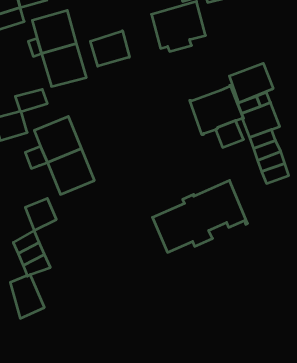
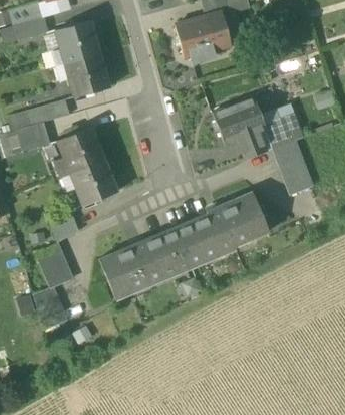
building: [90,31,129,66] -> none
building: [229,63,273,103] -> none
building: none -> [98,228,191,299]

